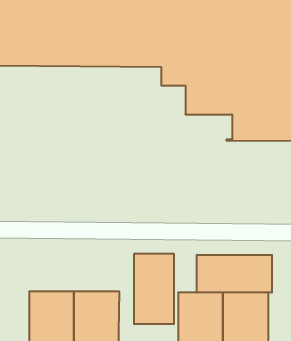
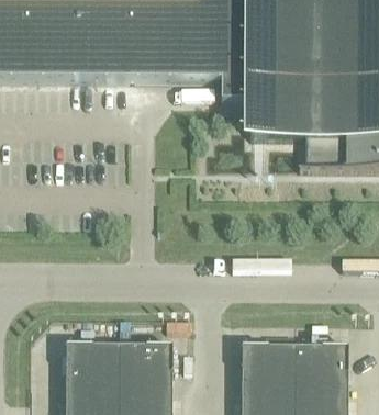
building: [134,254,174,324] -> none
building: [197,255,272,293] -> none

